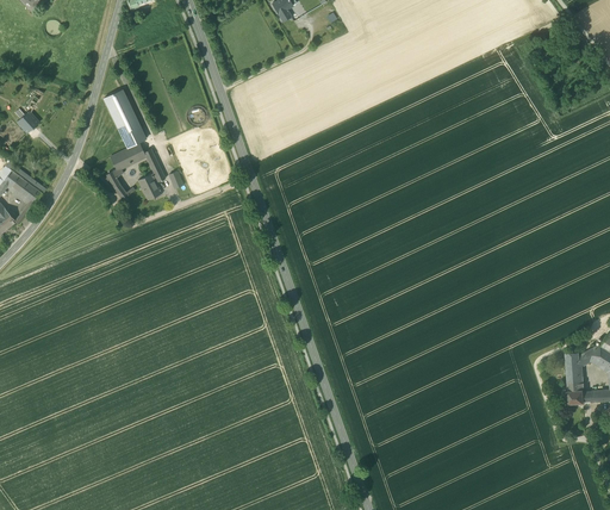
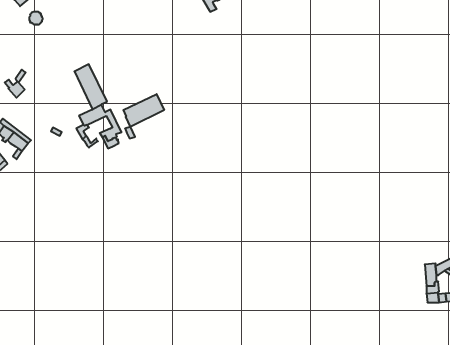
building: none -> [123,94,164,127]

